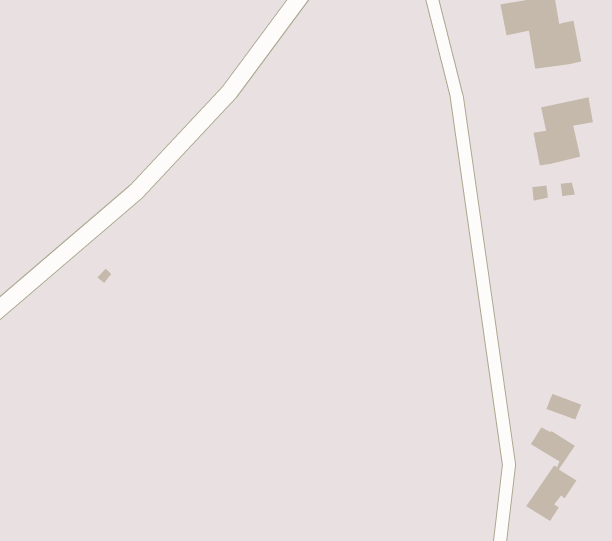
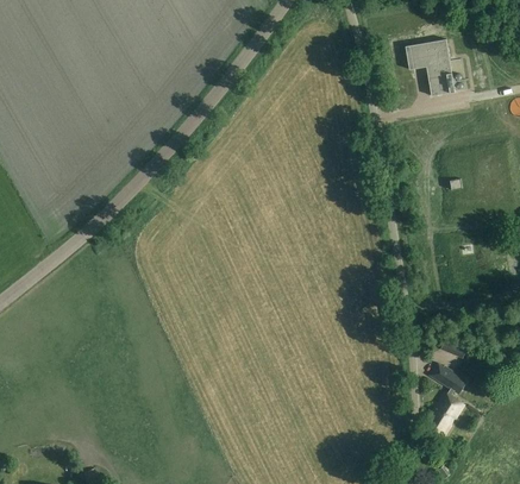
building: [533,97,594,166] -> none

